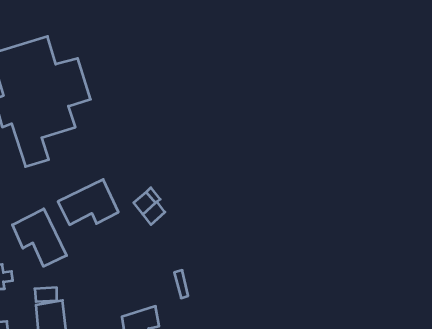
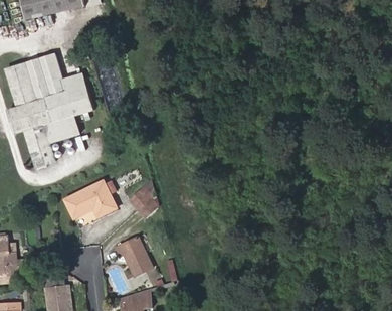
building: [12,209,67,266] -> none
building: none -> [117,237,152,276]

